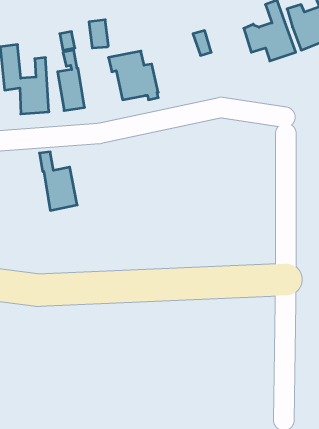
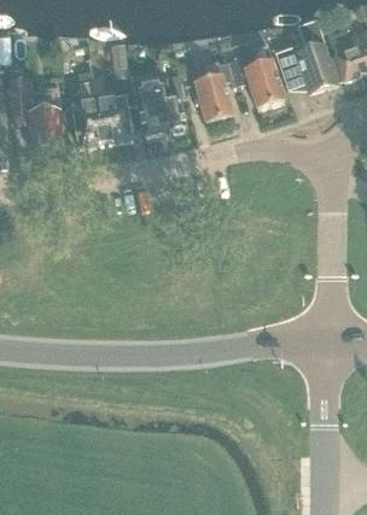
building: none -> [245,43,285,106]
building: none -> [194,59,233,121]
building: [39,152,77,210] -> [91,77,133,142]

